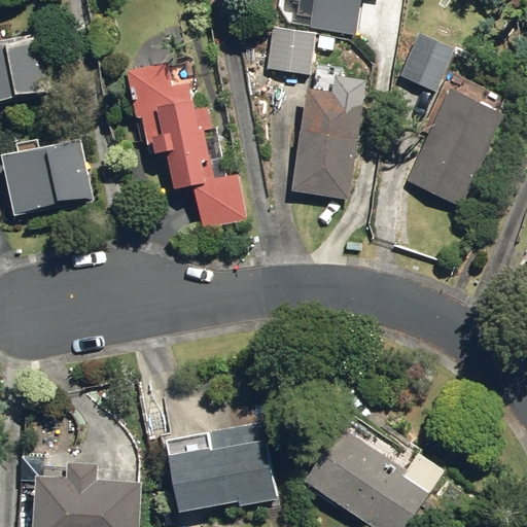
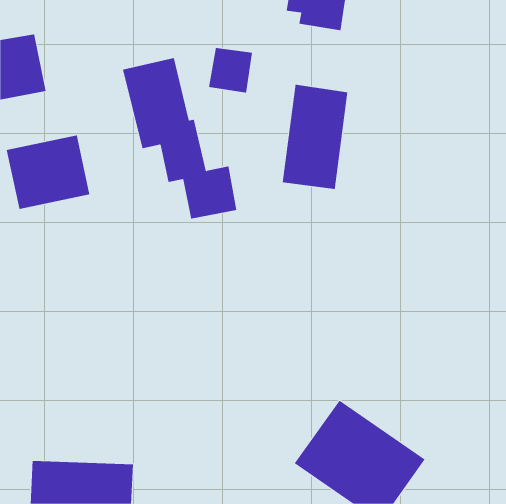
building: [267,28,313,75] -> [208,48,253,93]
building: [399,35,452,89] -> none
building: [405,91,502,207] -> none
building: [166,422,278,513] -> none

